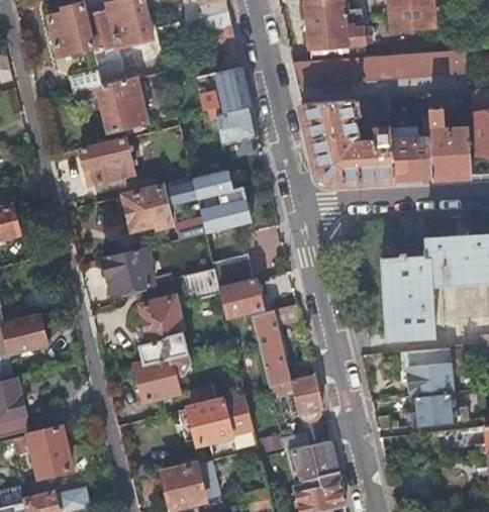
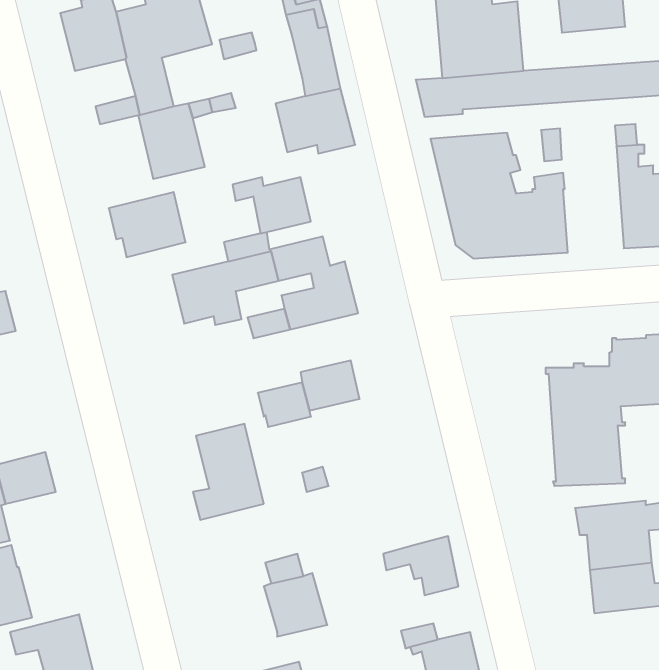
building: [204,107,258,145] -> [233,177,311,233]
building: [393,129,434,181] -> none
building: [104,247,155,295] -> none
building: [219,280,263,316] -> none
building: [253,306,299,387] -> none
building: [136,352,191,400] -> none
building: [221,394,254,435] -> none

